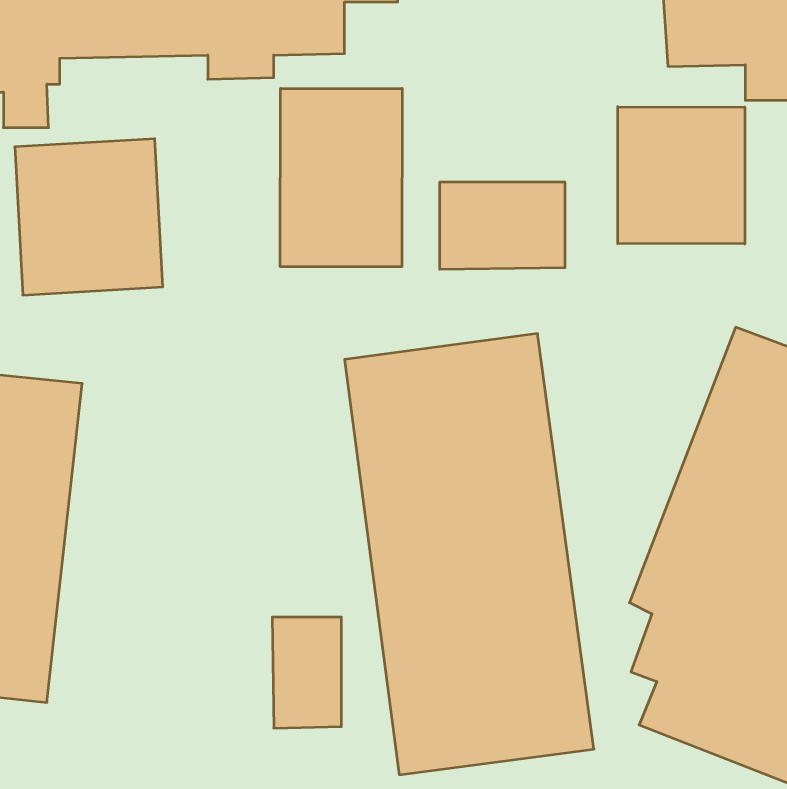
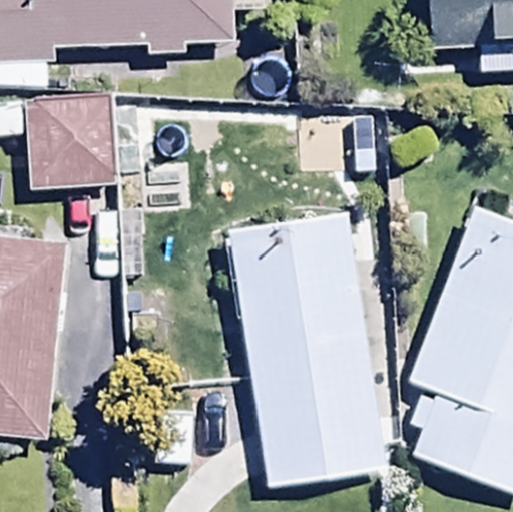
building: [280,88,402,267] -> none
building: [618,107,745,244] -> none

